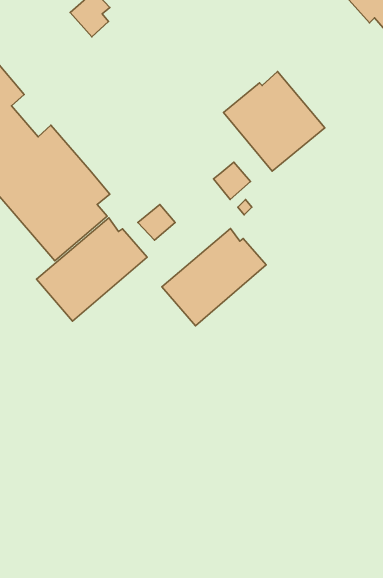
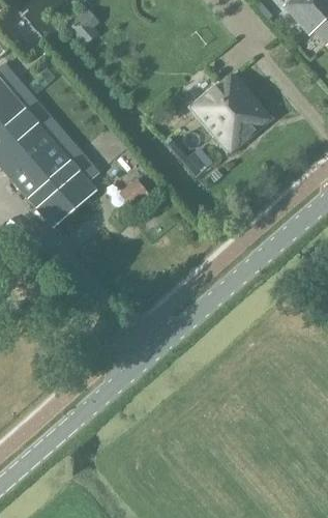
building: [37,218,147,321] -> none
building: [162,228,266,326] -> none

